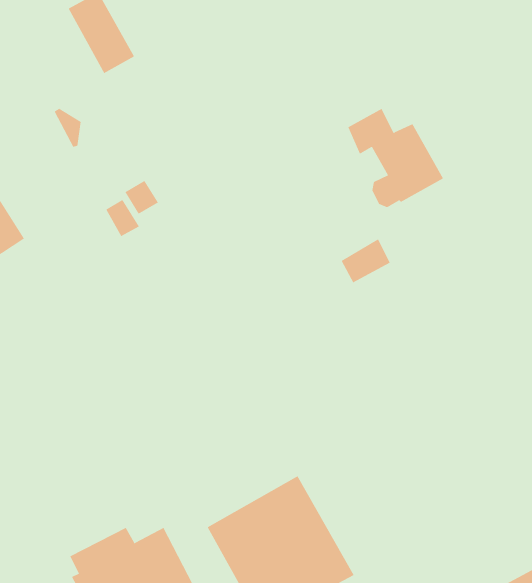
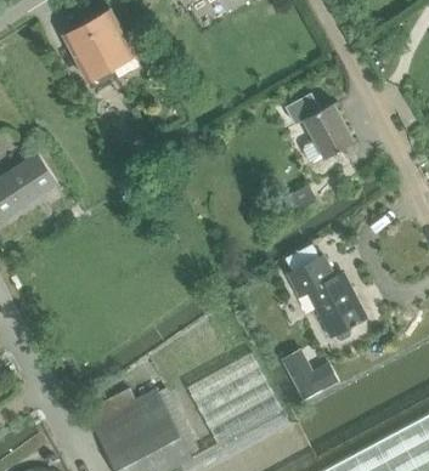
building: none -> [64,22,118,89]
building: none -> [287,245,366,340]
building: none -> [284,351,338,398]

